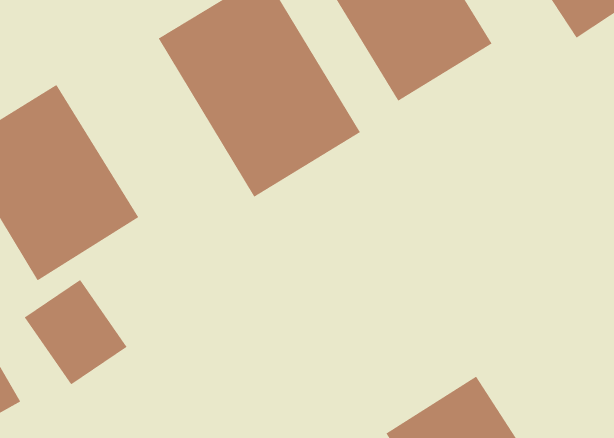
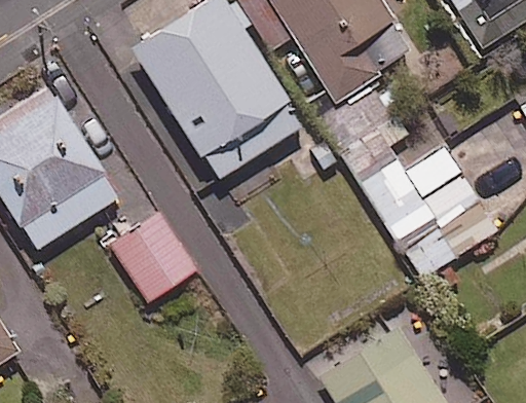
building: none -> [325,90,497,278]
building: [24,279,127,385] -> [110,212,196,300]

